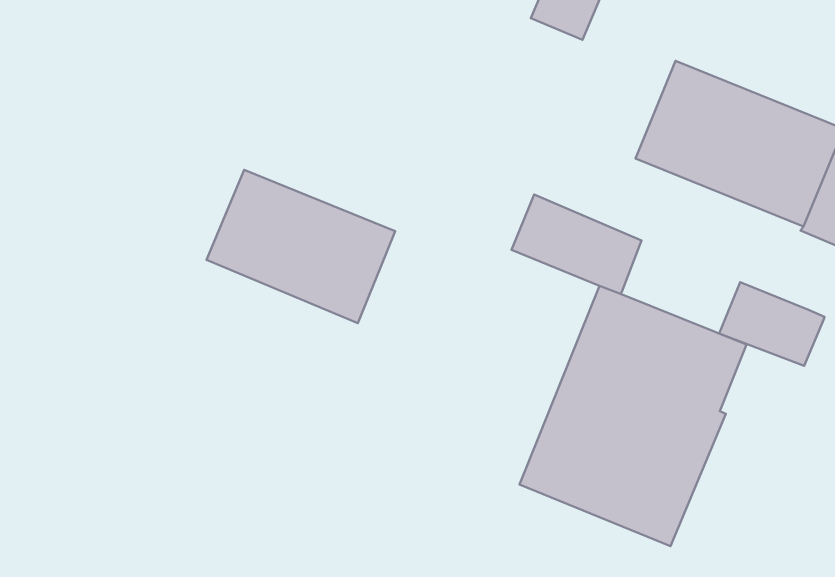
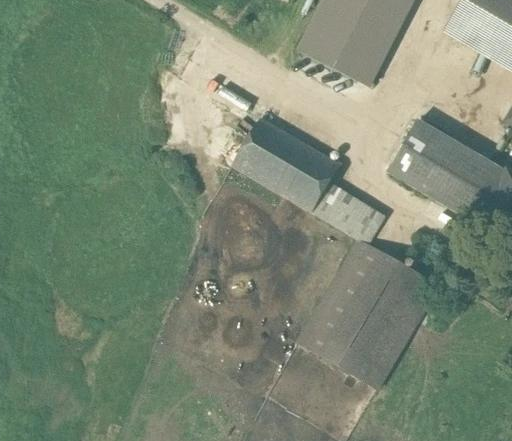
building: [206,170,395,323] -> [231,116,338,210]
building: [719,282,824,366] -> none

